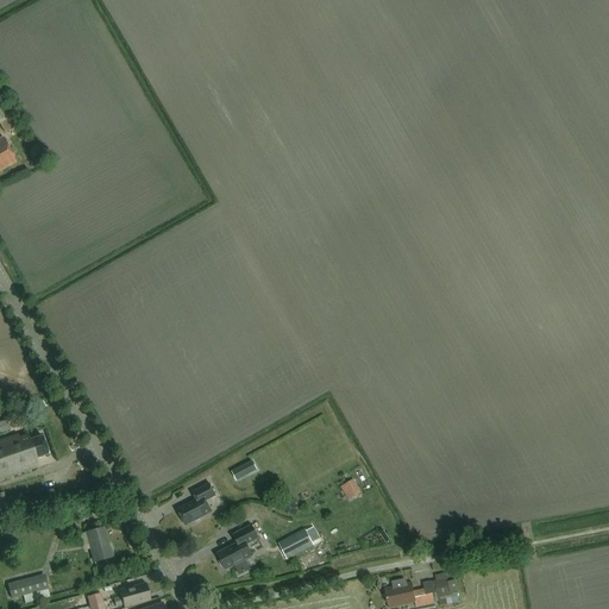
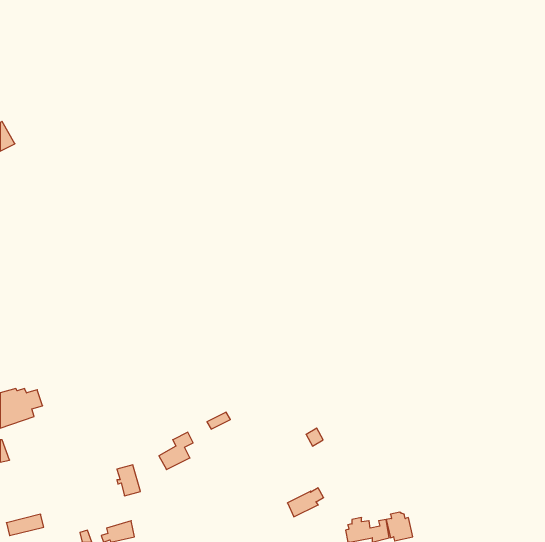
building: [216,523,259,575] -> none
building: [280,526,320,558] -> [287,488,324,517]
building: [86,527,112,561] -> [117,465,140,496]

